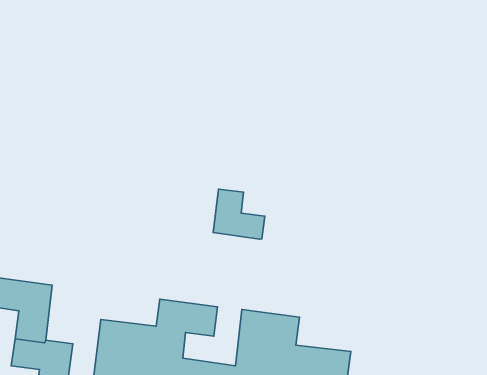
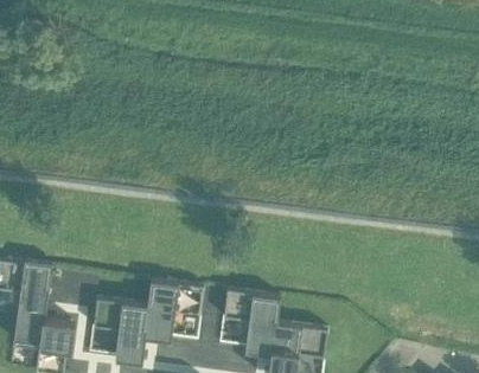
building: [213,189,265,239] -> none

